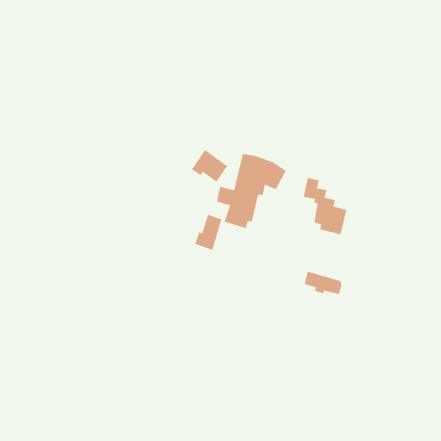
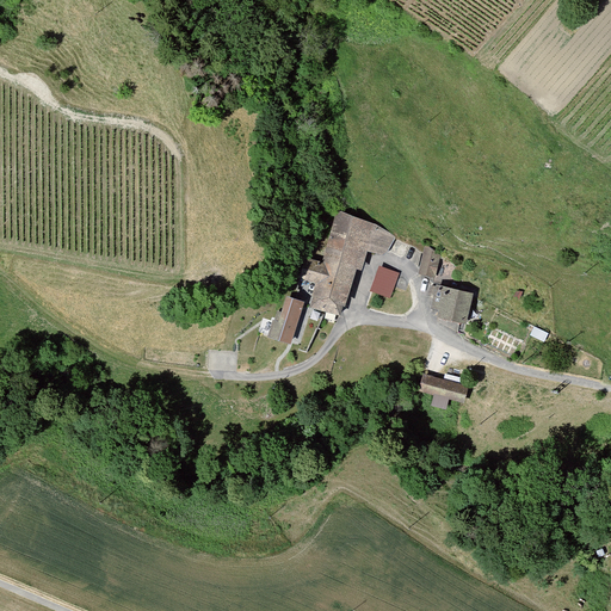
building: [191,149,228,183] -> none
building: none -> [369,267,407,297]

